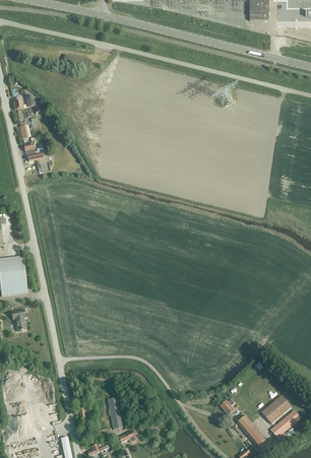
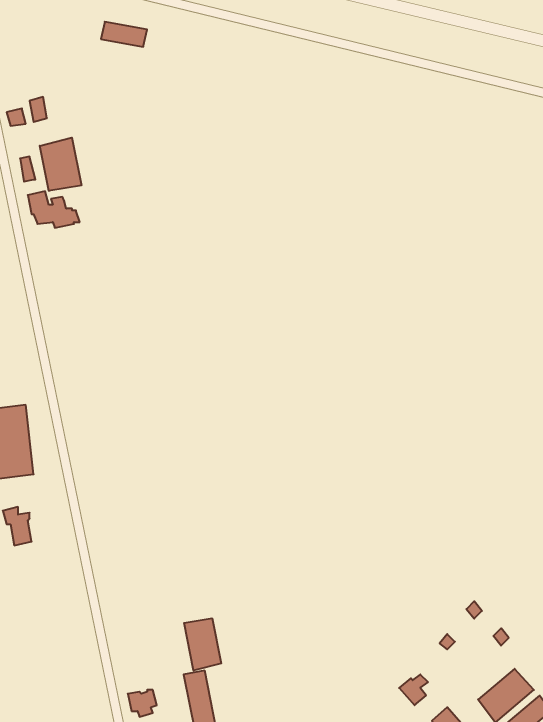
building: none -> [40,138,81,191]
building: none -> [184,618,221,671]

